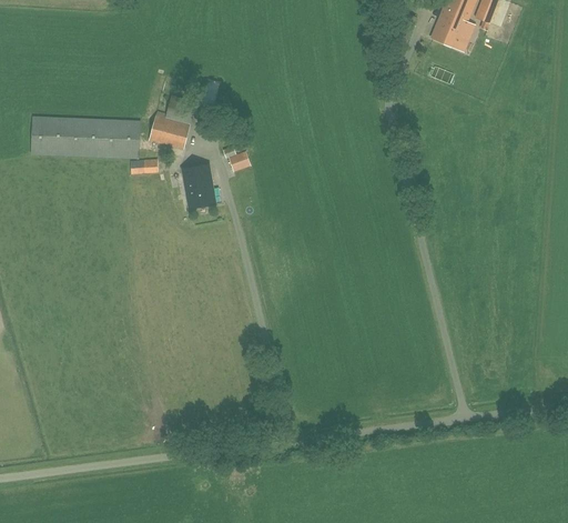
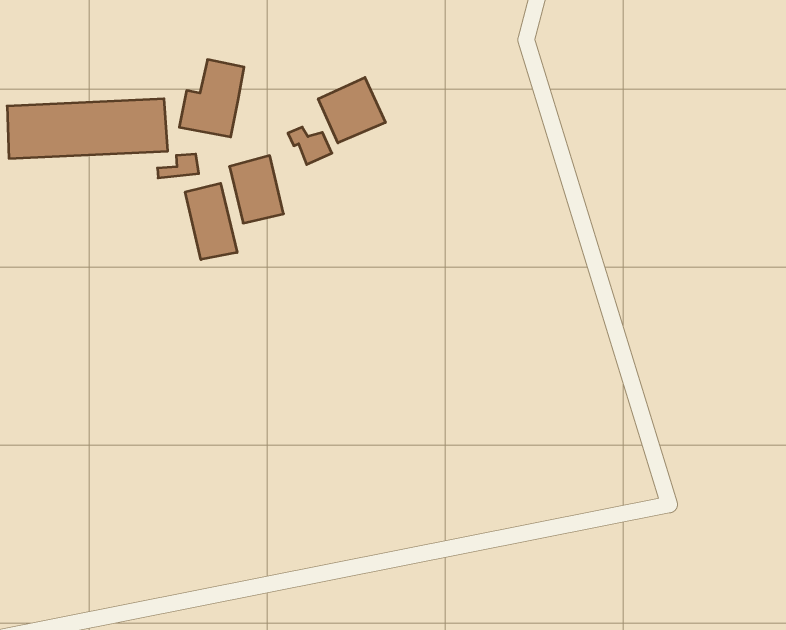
building: none -> [318,77,385,143]
building: none -> [185,183,237,260]

